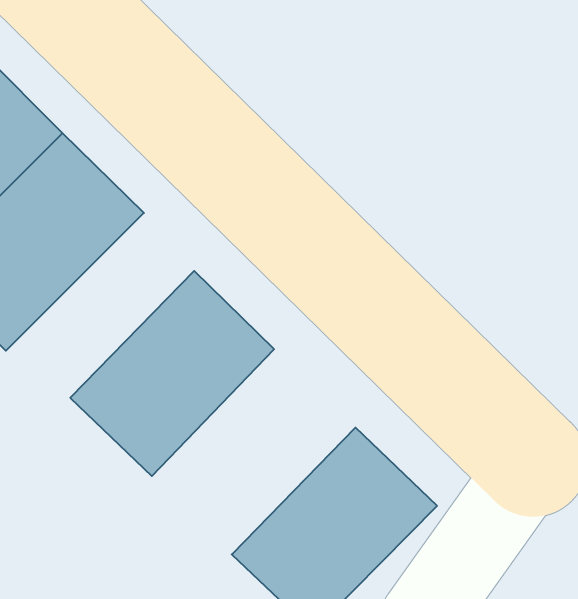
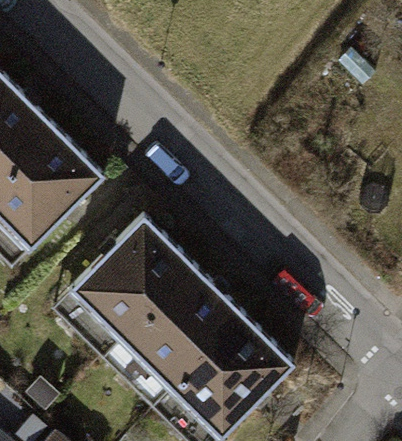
building: none -> [113,264,243,395]

